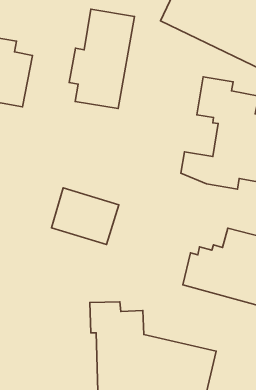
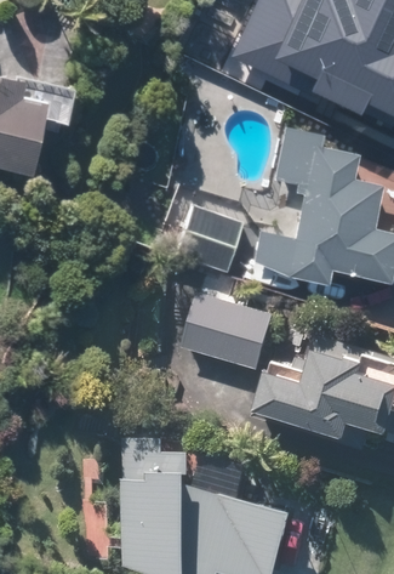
building: [69,9,135,109] -> none
building: none -> [177,208,242,273]
building: [52,188,119,245] -> [185,292,278,370]

